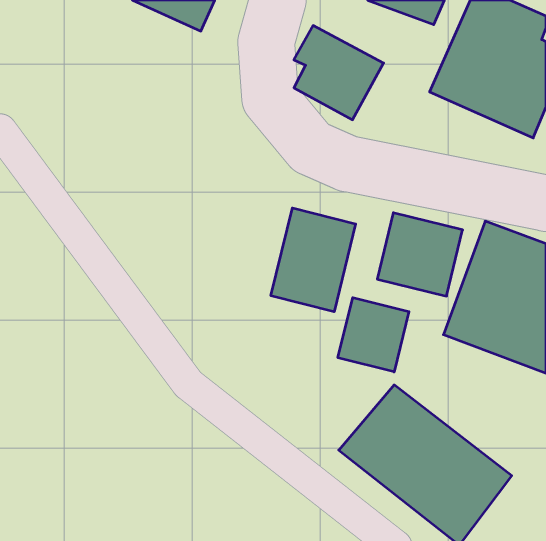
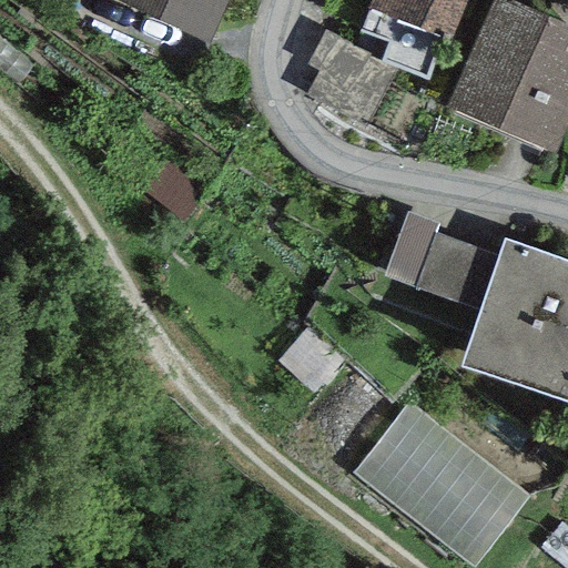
building: [271,208,356,312] -> none
building: [338,298,409,372] -> none

